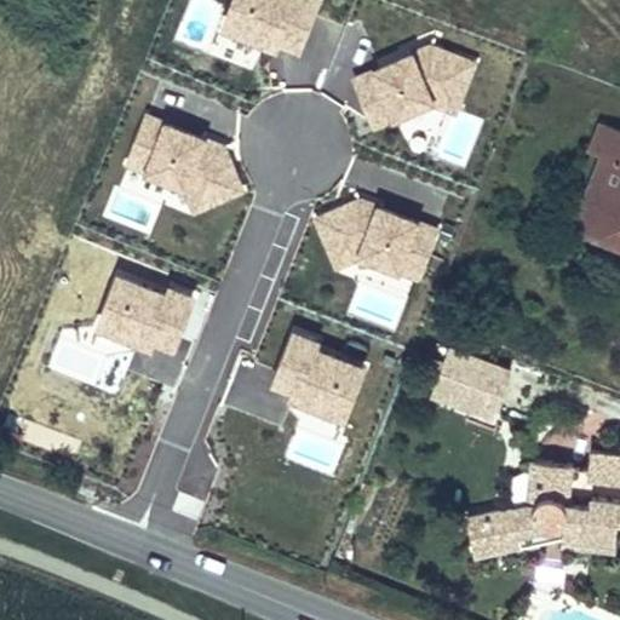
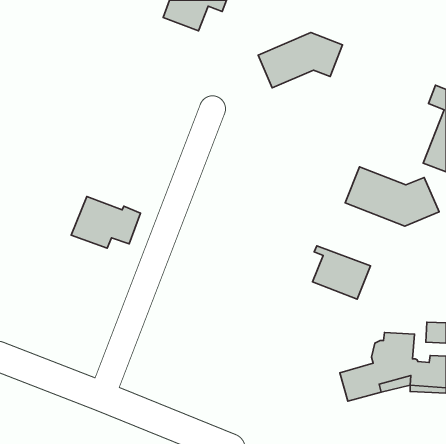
building: [128,120,240,211] -> none
building: [317,203,435,277] -> none
building: none -> [345,167,439,226]
building: [277,337,362,418] -> none

